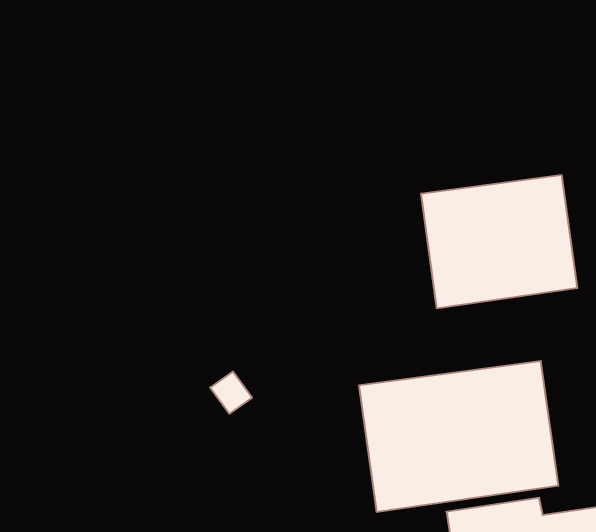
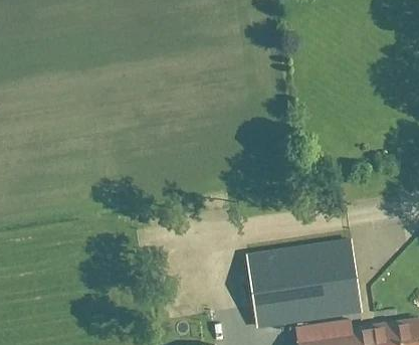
building: [421,175,577,308] -> none

